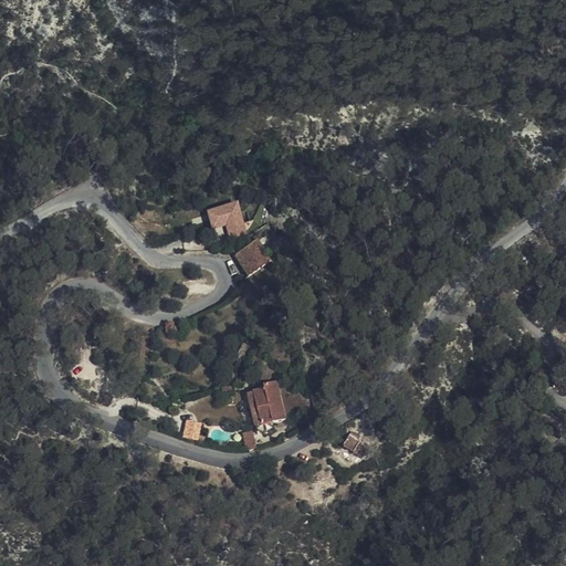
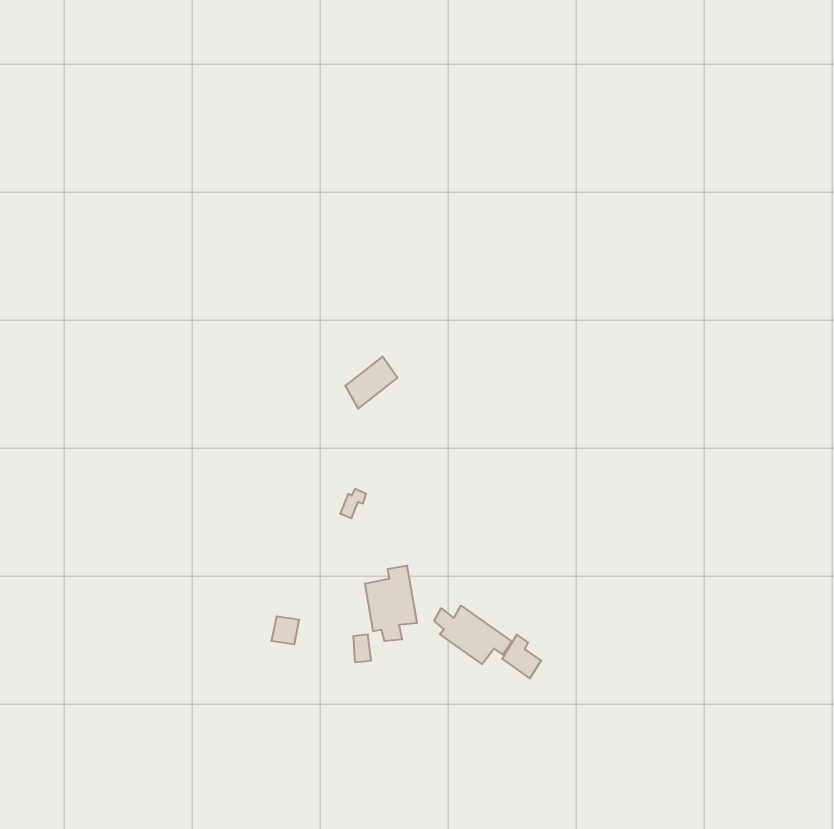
building: [208,198,250,237] -> none
building: none -> [434,606,512,664]

